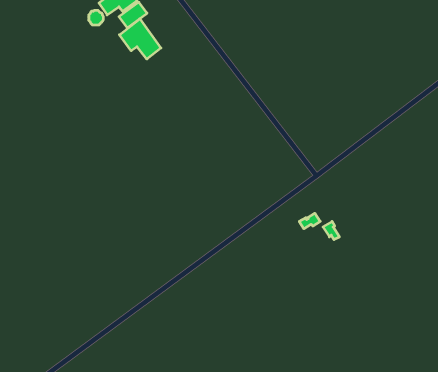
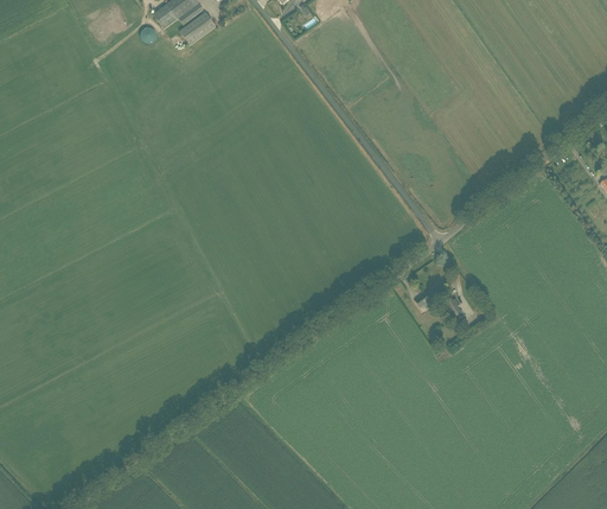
building: [119,19,161,59] -> none

